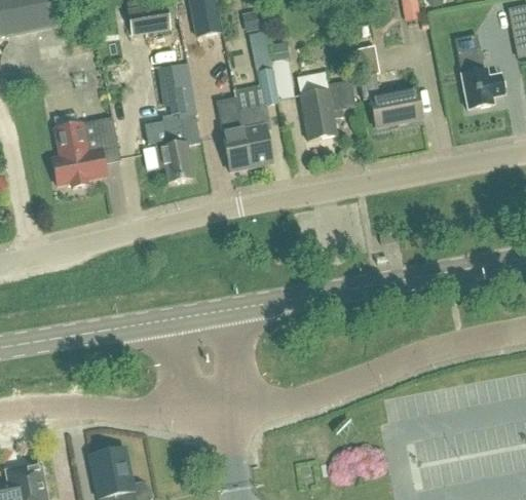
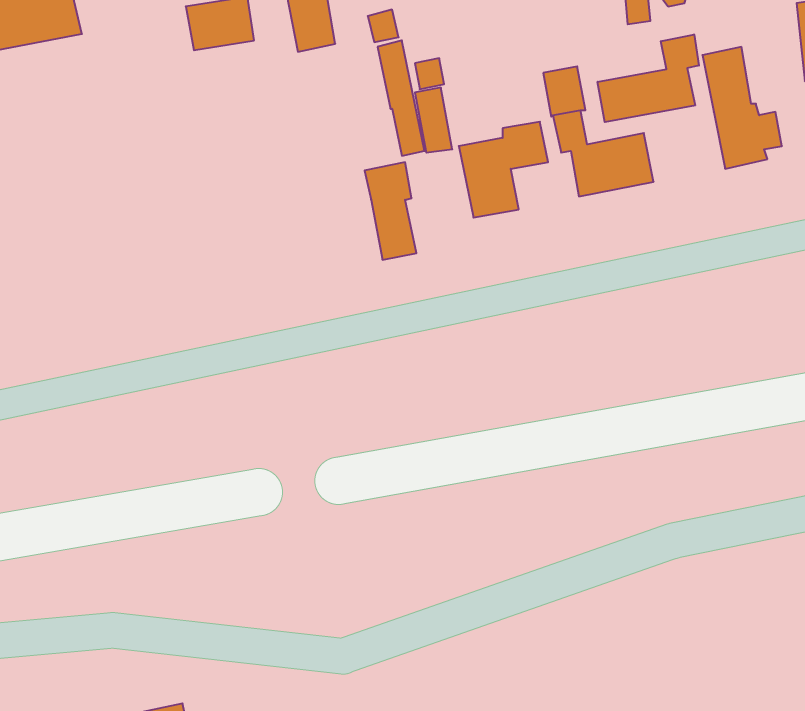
building: none -> [598,34,699,122]
building: [145,63,199,181] -> none
building: [216,97,251,170] -> none
building: [51,117,116,189] -> none

